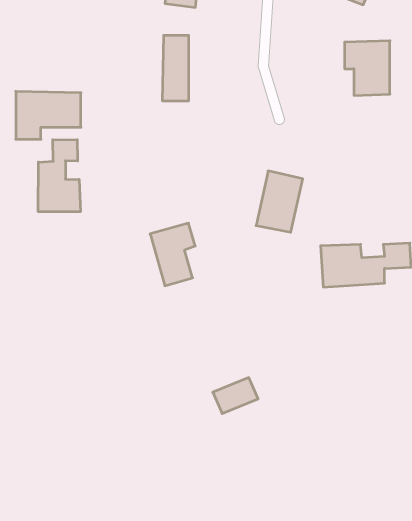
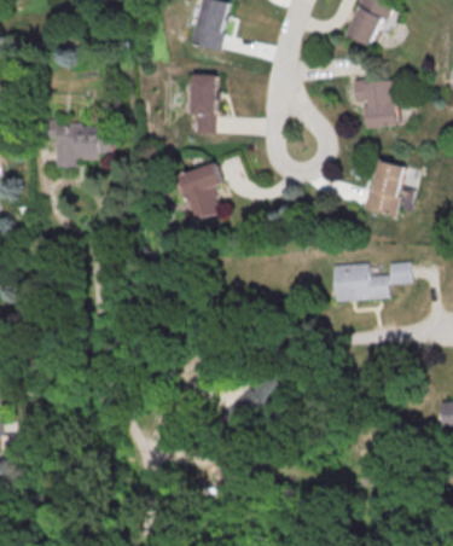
building: [38,140,80,212] -> none
building: [256,171,303,232] -> [366,159,408,215]
building: [150,223,195,286] -> [182,163,223,220]

